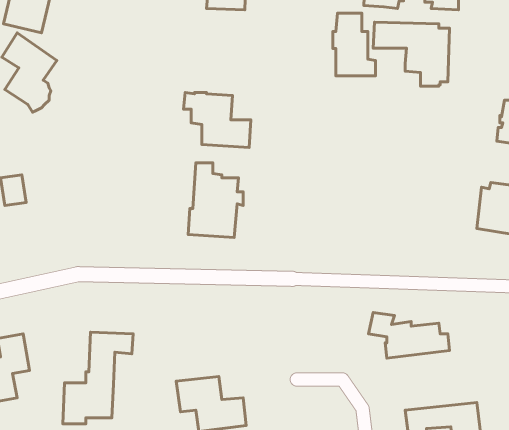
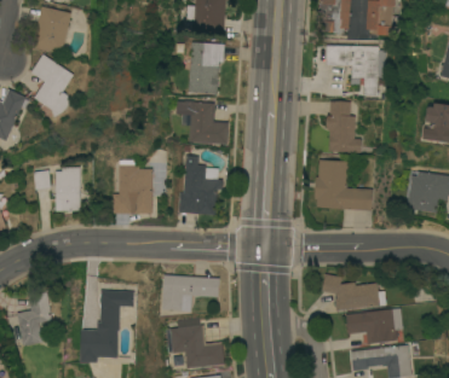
building: [333,13,376,76] -> [327,101,361,151]
building: none -> [188,41,225,93]
building: none -> [315,159,373,210]
building: none -> [113,164,152,213]
building: none -> [54,167,81,211]
building: none -> [162,275,220,310]
building: none -> [346,308,403,343]

